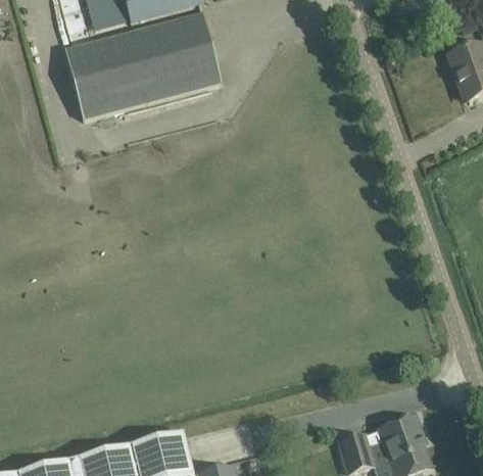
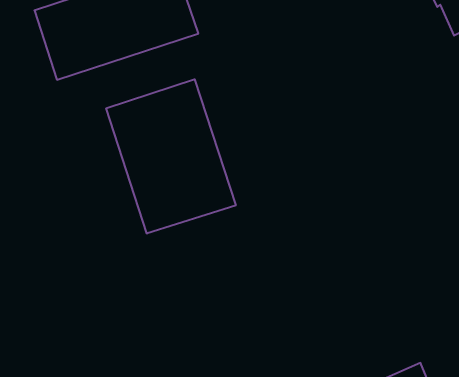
building: none -> [106,79,236,234]

